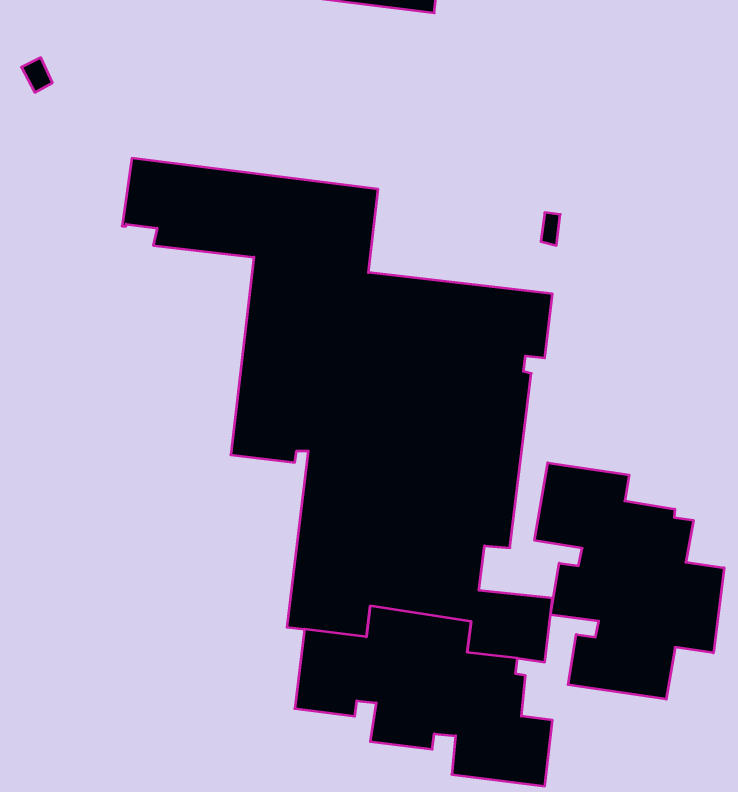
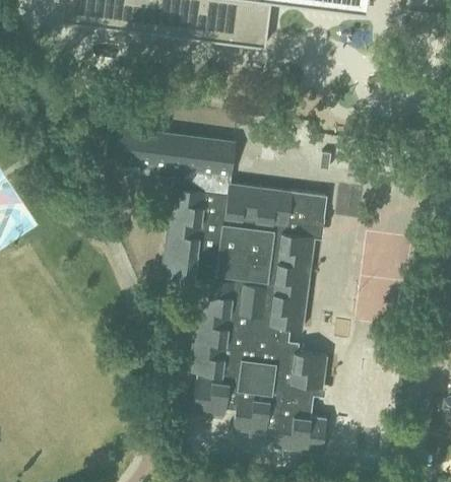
building: [535,463,724,699] -> none

